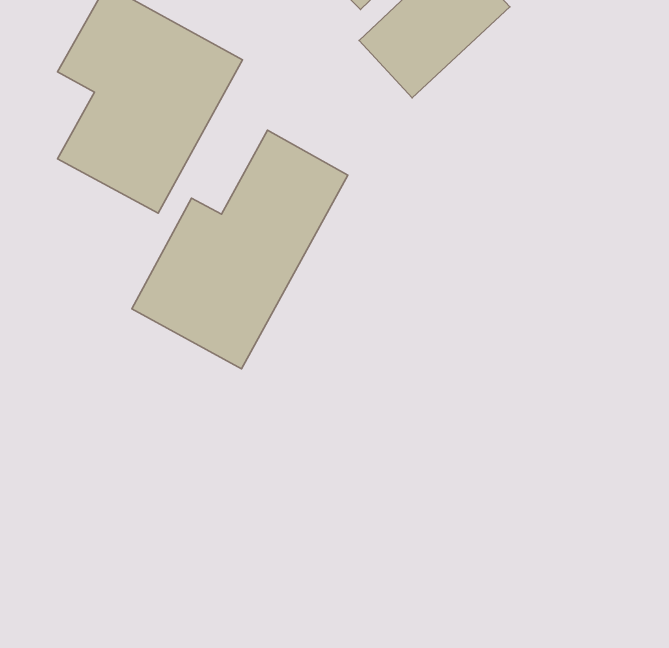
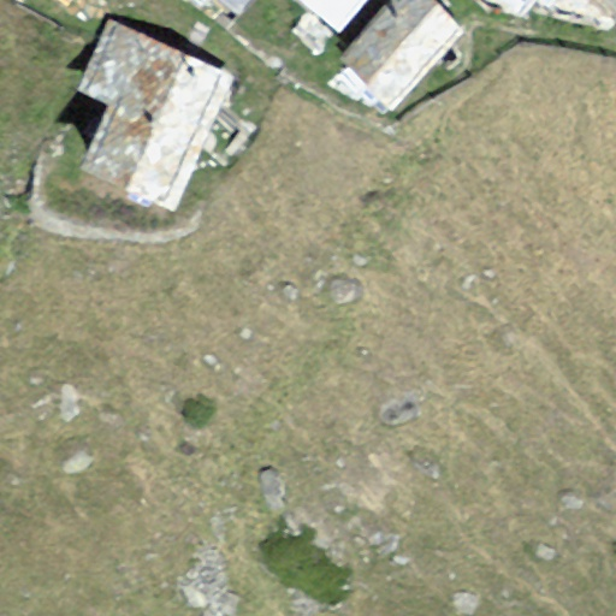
building: [132,130,348,369] -> none

